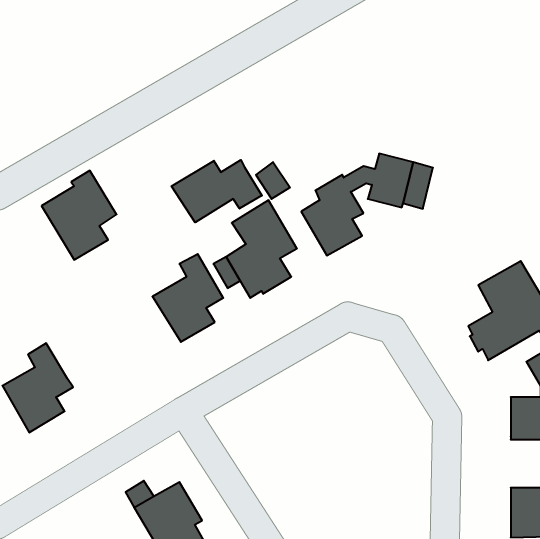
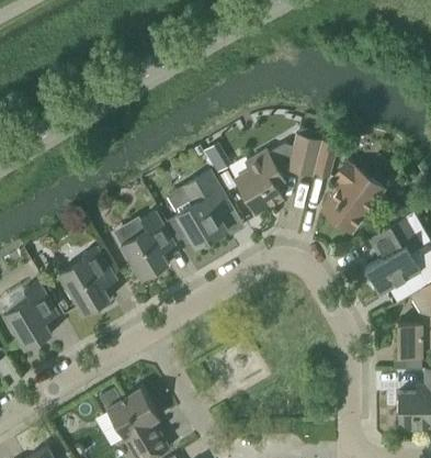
building: [172,160,262,222] -> none
building: [42,171,117,260] -> [58,246,116,315]
building: none -> [320,161,376,233]

